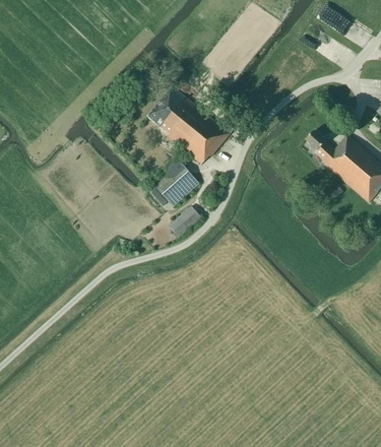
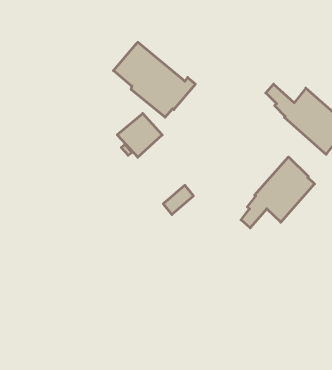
building: none -> [241,157,315,228]
building: [170,205,201,236] -> [163,185,193,215]

